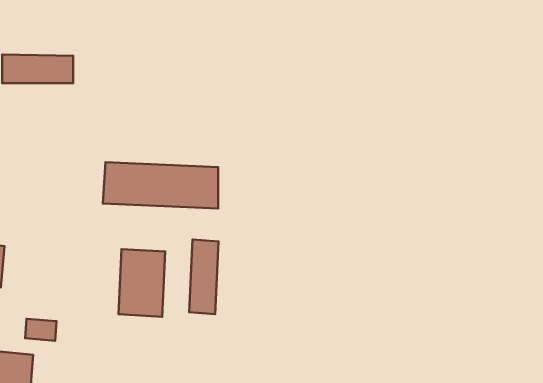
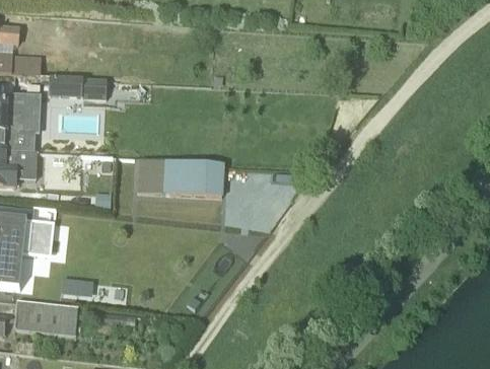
building: [189,240,218,314] -> none
building: [119,249,165,317] -> none

